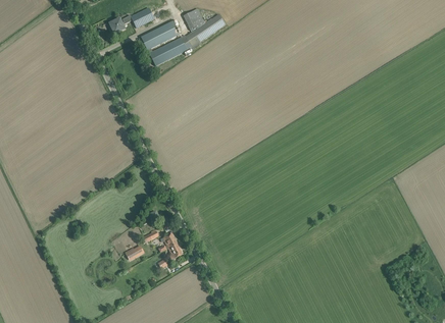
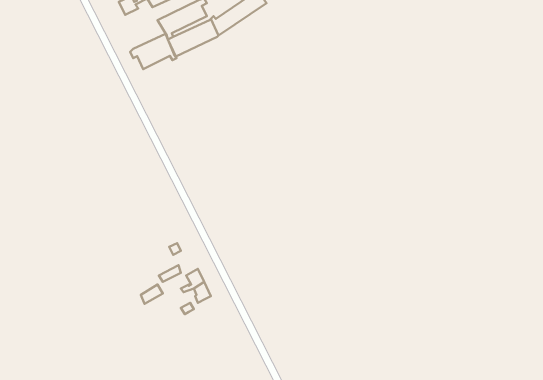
building: none -> [130,34,176,69]

